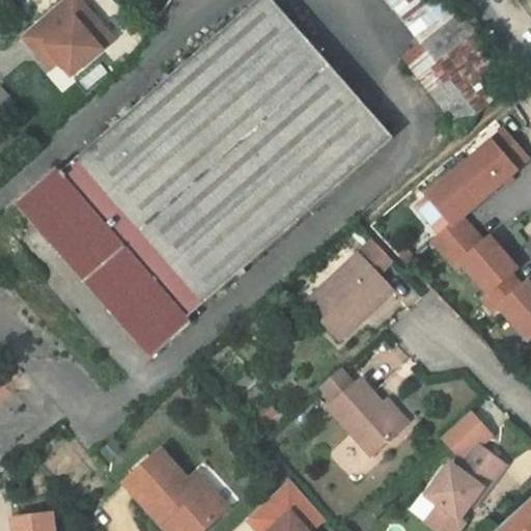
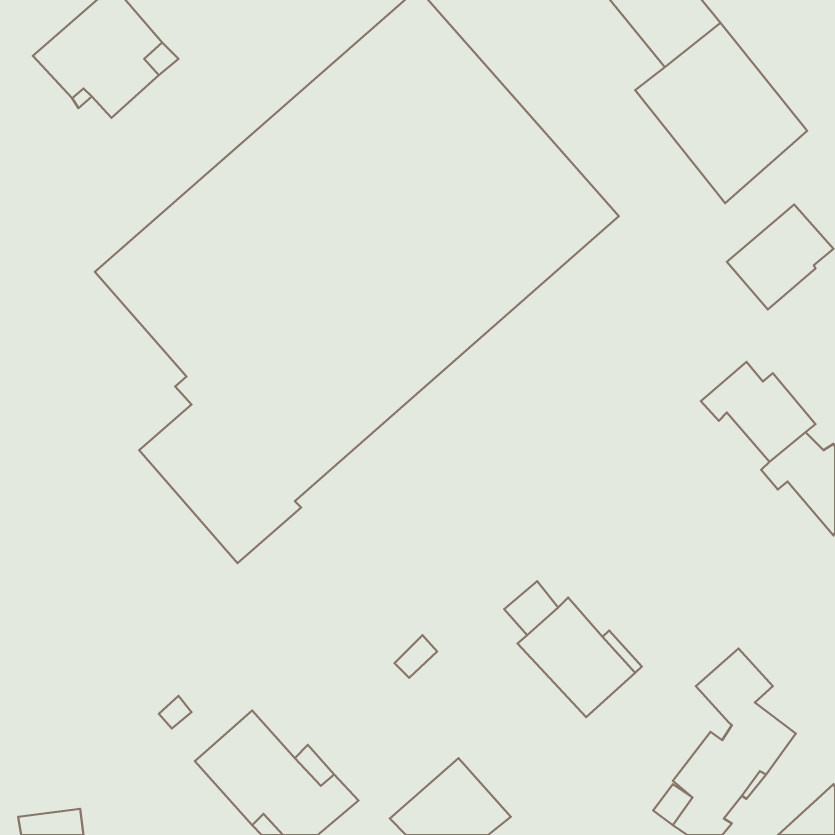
building: [427,166,486,254] -> none
building: [17,168,121,285] -> none
building: [305,239,392,338] -> none

